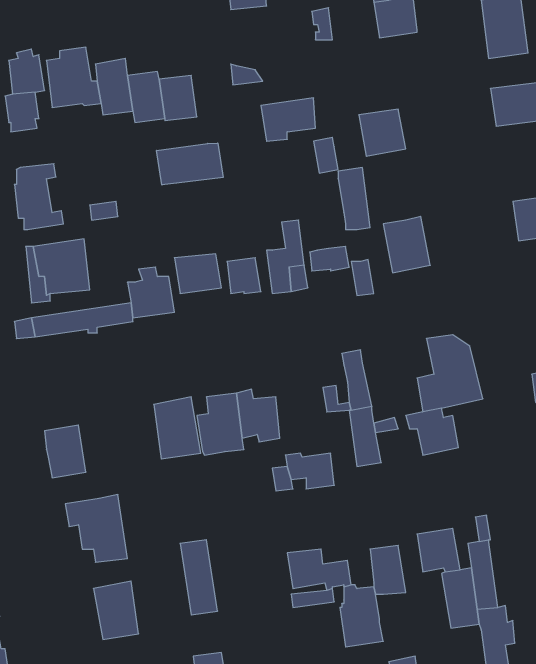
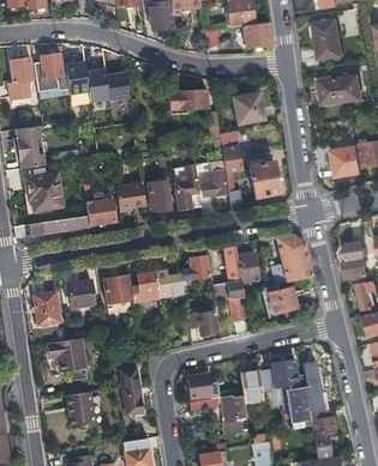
building: [157,143,223,185] -> none
building: none -> [235,252,259,283]
building: none -> [180,255,209,288]
building: none -> [66,282,95,309]

